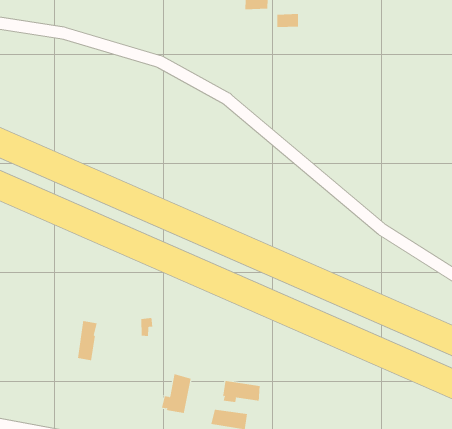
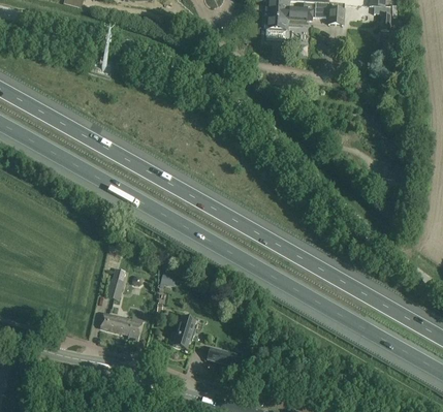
building: none -> [100,314,143,341]
building: [222,380,260,403] -> none

